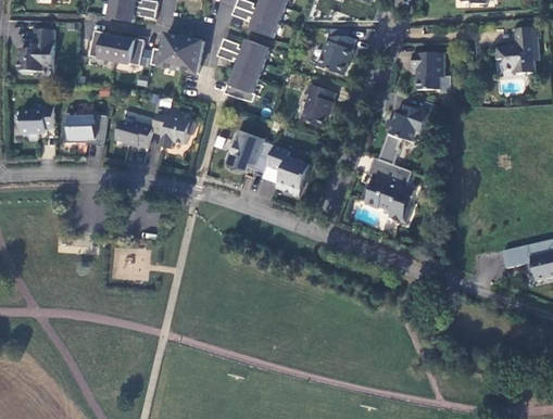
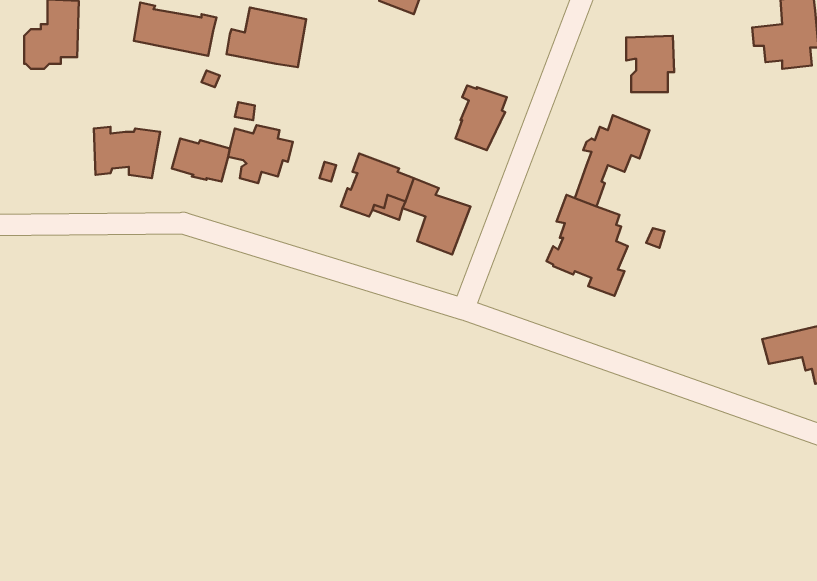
building: [316,36,354,75] -> none
building: [216,38,268,102] -> none
building: [20,105,53,135] -> none

